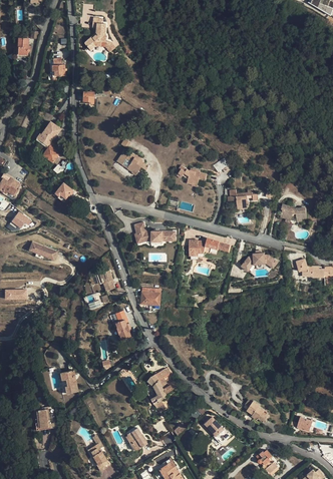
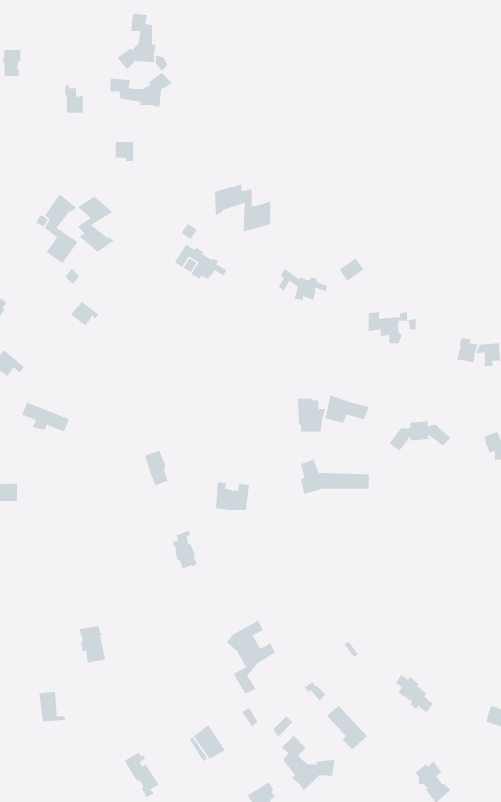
building: none -> [109,72,173,108]
building: none -> [214,183,271,233]
building: none -> [77,196,115,253]
building: [134,222,175,244] -> [300,458,369,495]
building: none -> [281,735,335,791]

